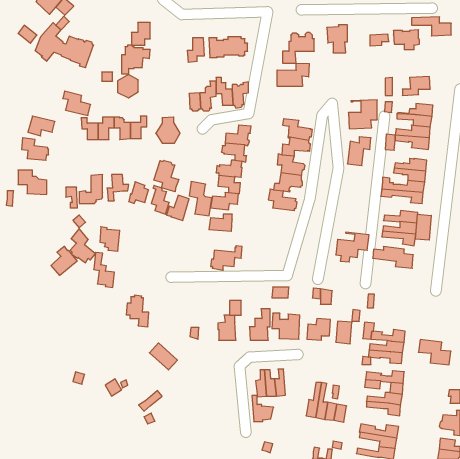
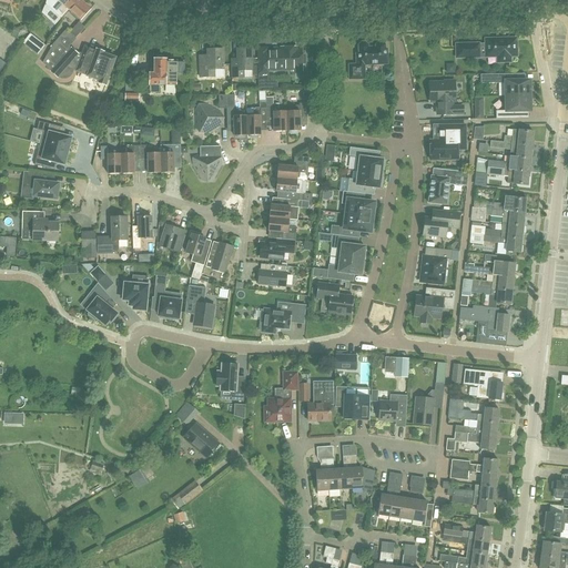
building: [412,17,451,36] -> [480,72,529,95]
building: [131,22,150,45] -> [200,48,223,75]
building: [327,25,347,53] -> [429,79,455,113]
building: [277,63,309,86] -> none
building: [118,75,138,98] -> [194,102,220,131]
building: [63,91,91,115] -> [37,120,71,150]
building: [154,160,179,192] -> none
building: none -> [423,210,459,236]
building: [189,182,212,216] -> [186,284,214,326]
building: none -> [420,247,453,283]
building: none -> [327,256,364,280]
building: [416,214,431,240] -> none
building: none -> [316,282,353,315]
building: [51,246,77,275] -> none
building: [94,252,114,287] -> [154,275,180,318]
building: [126,295,149,327] -> [216,361,244,399]
building: [418,340,451,365] -> [463,367,503,398]
building: [252,396,274,422] -> [349,455,376,487]

